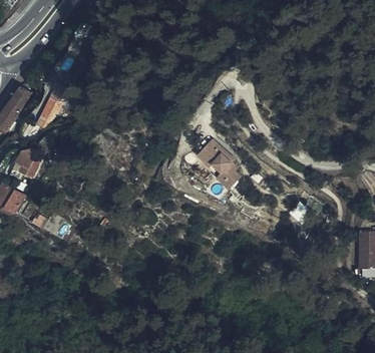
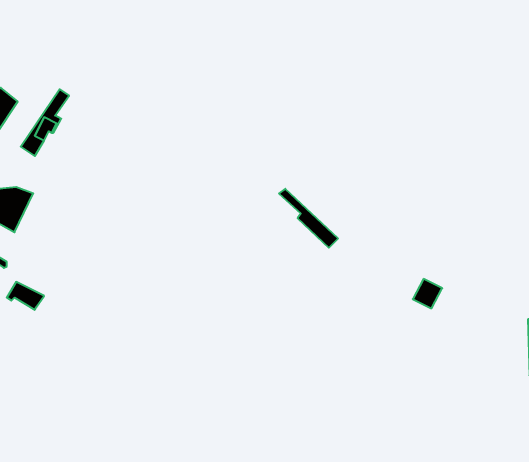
building: [205,139,243,183] -> none

